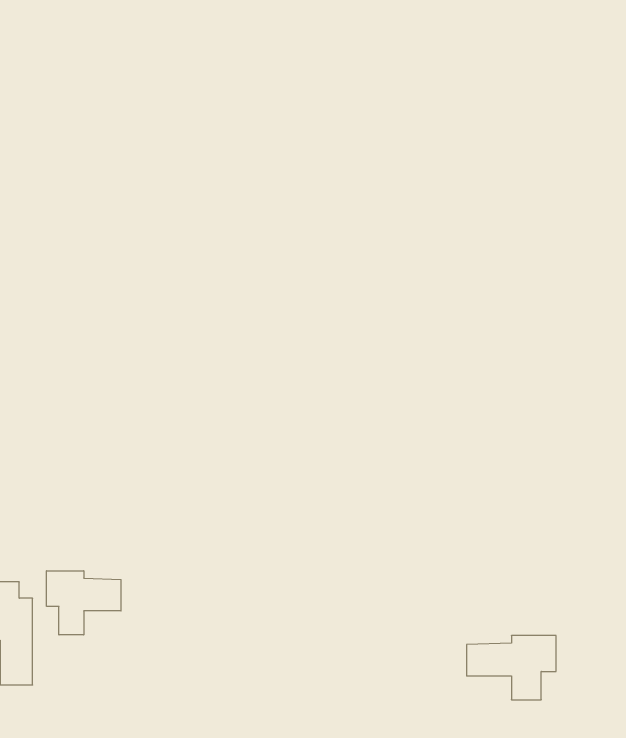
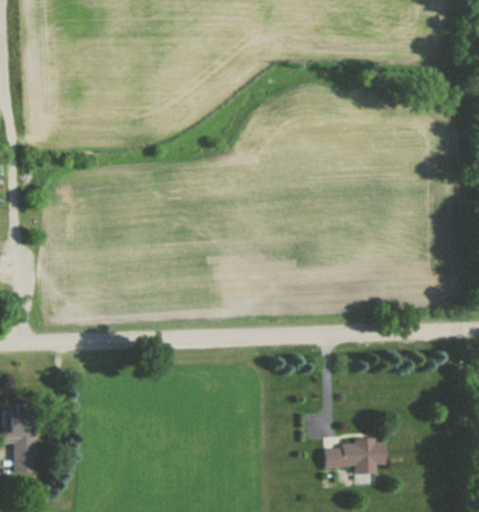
building: [47,571,121,635] -> none

